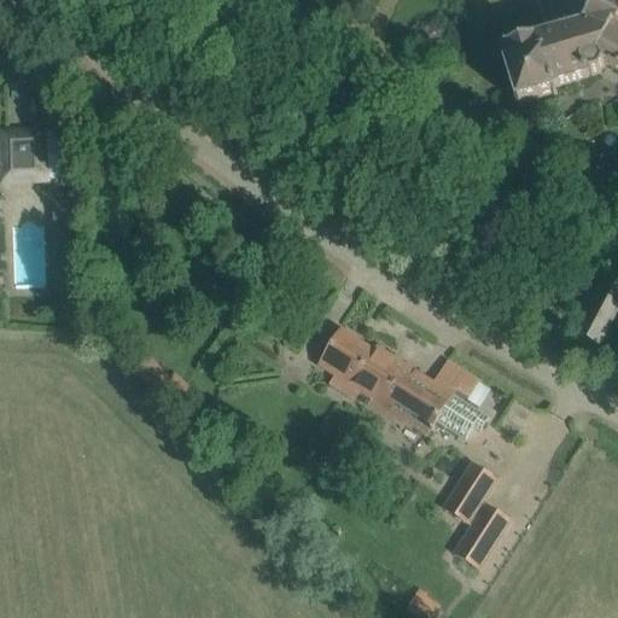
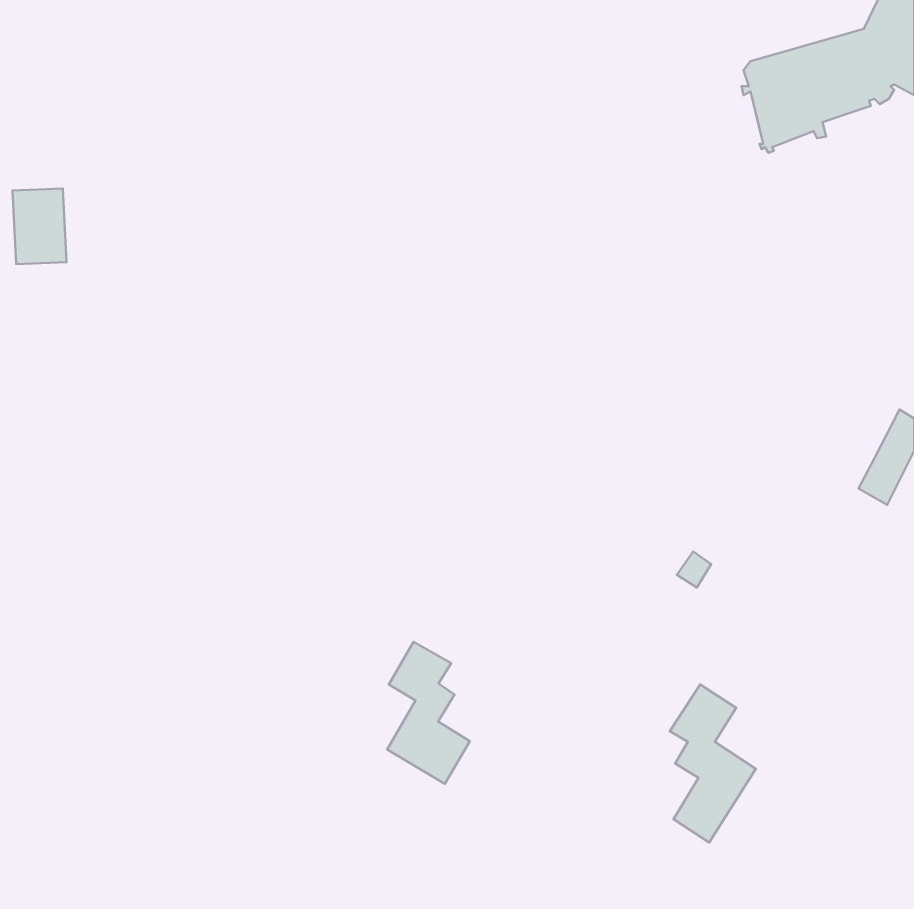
building: [315,326,486,436] -> none
building: none -> [387,642,470,784]

